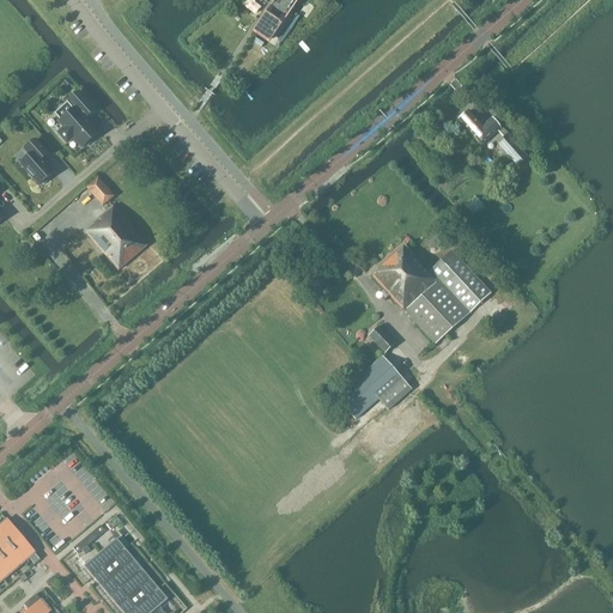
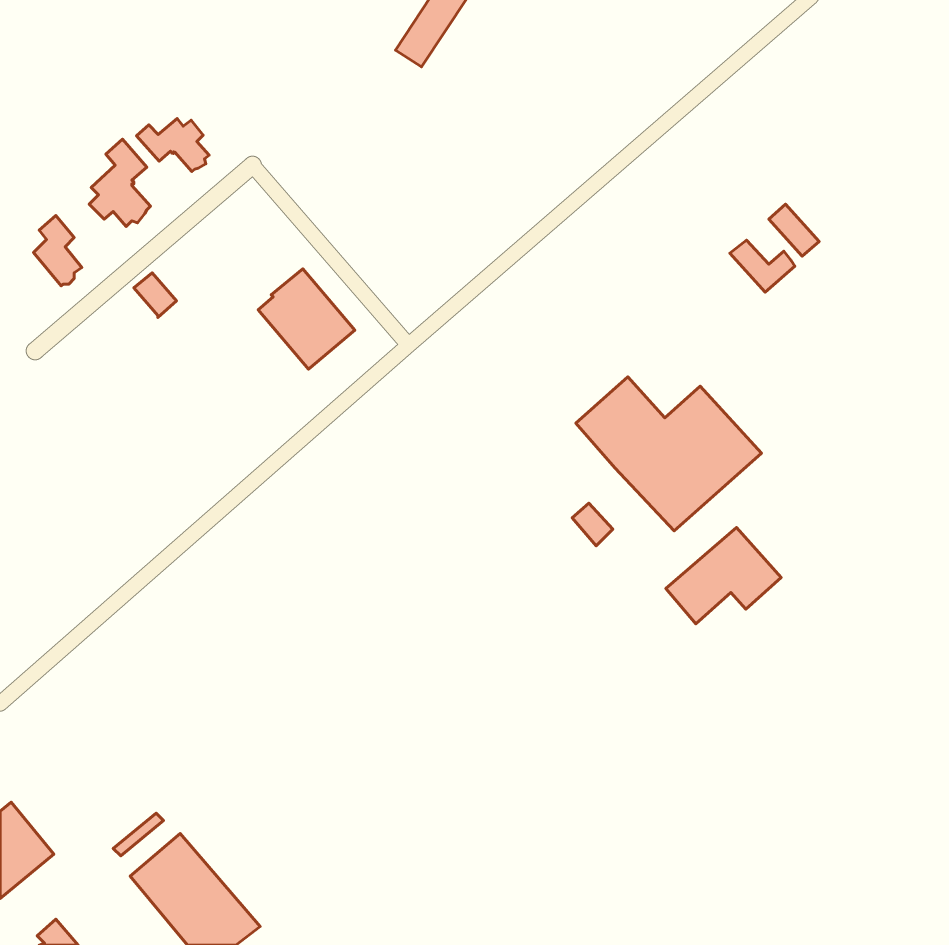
building: none -> [136,118,209,171]
building: [459,109,500,142] -> [730,240,795,292]
building: [85,205,147,269] -> [258,269,355,369]
building: [336,356,411,418] -> [666,527,781,624]

